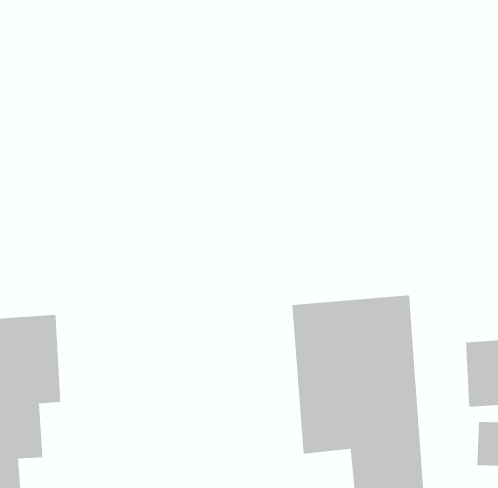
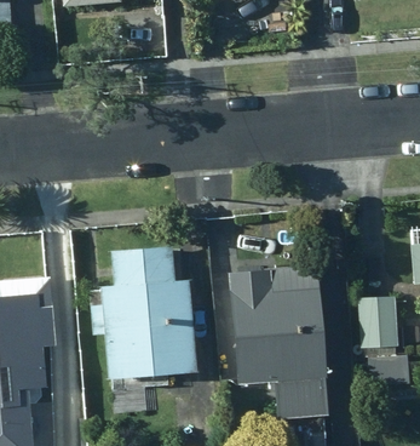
building: none -> [92,247,195,376]

